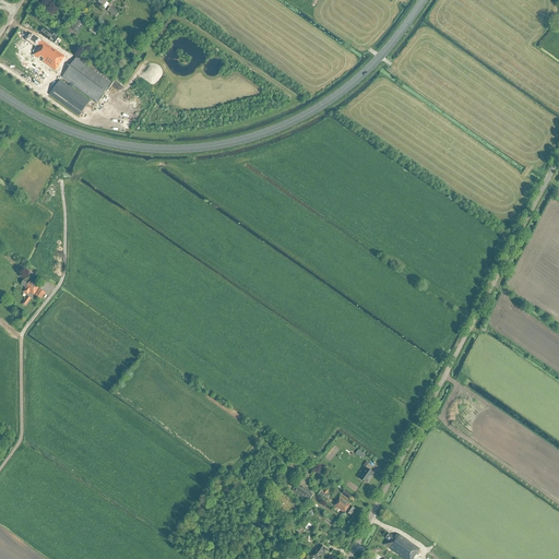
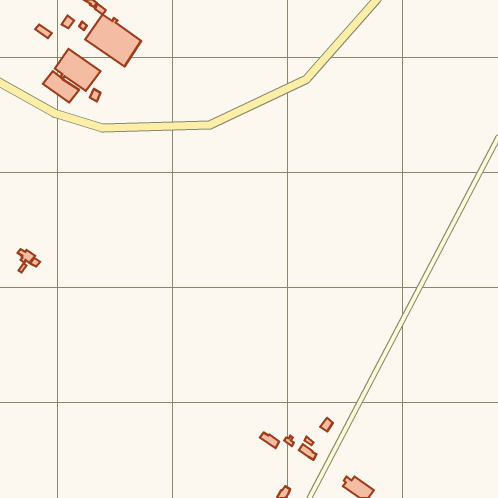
building: none -> [85,15,141,67]
building: [28,34,64,70] -> none

